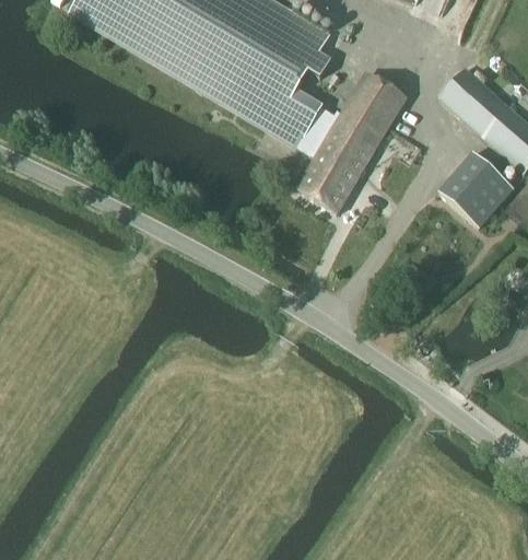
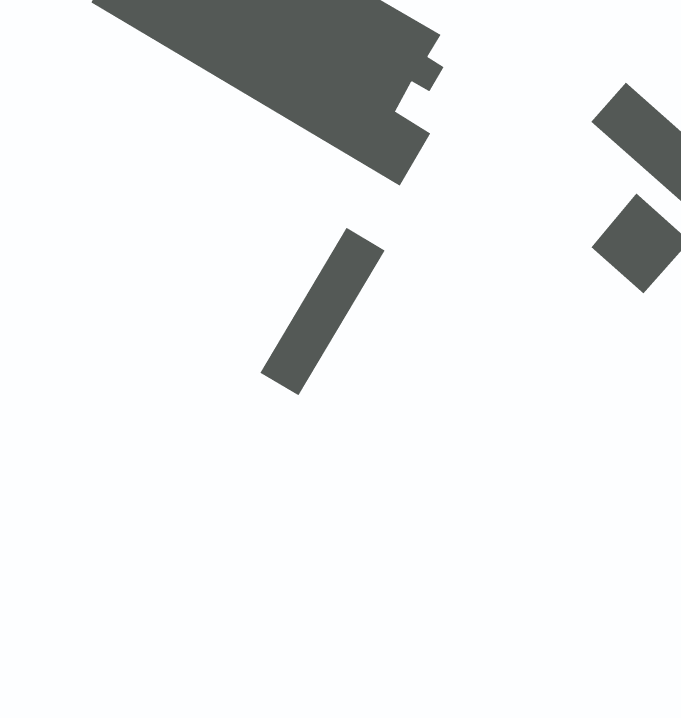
building: [297,72,407,212] -> none
building: none -> [260,227,386,396]

